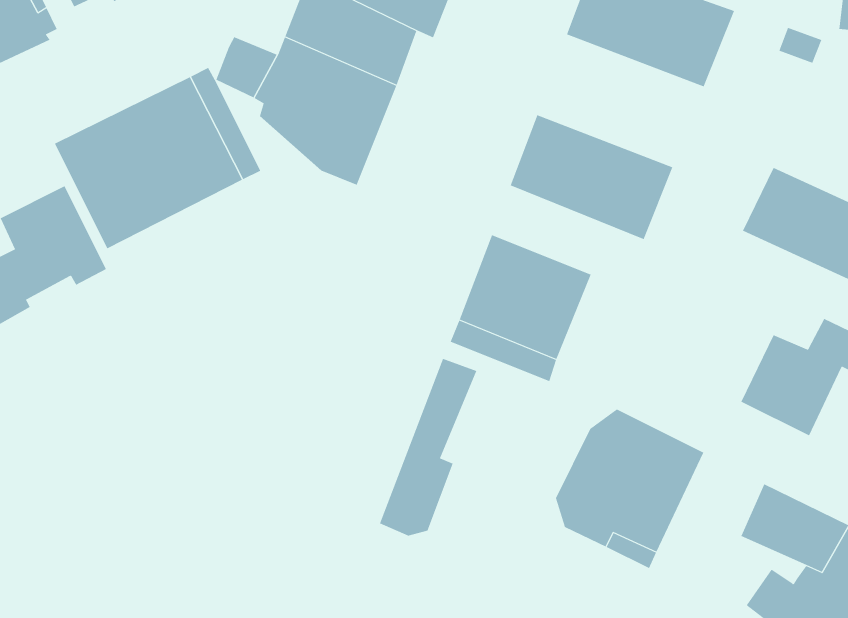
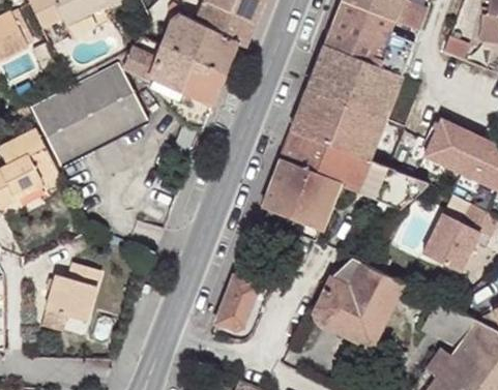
building: none -> [306,43,402,119]
building: none -> [281,129,428,208]
building: none -> [47,264,102,322]

